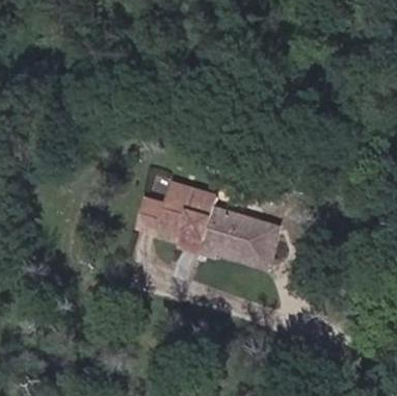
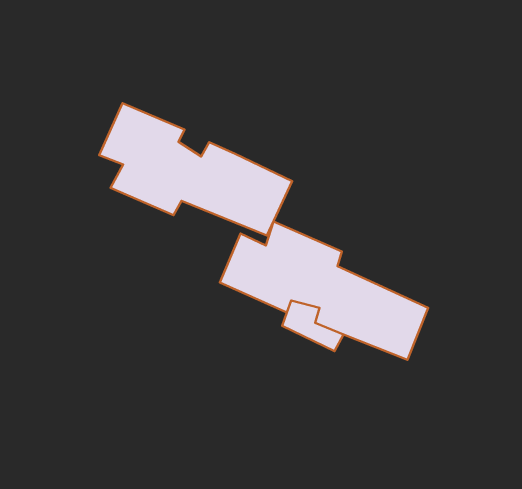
building: none -> [99,103,292,236]

